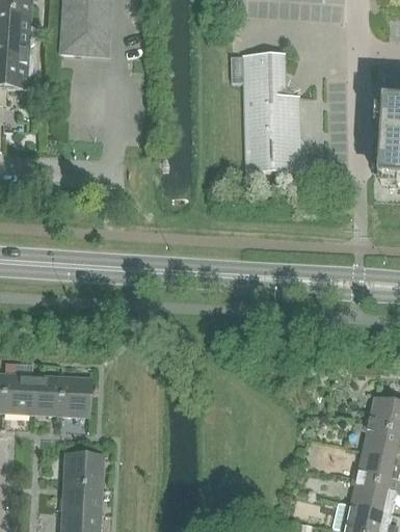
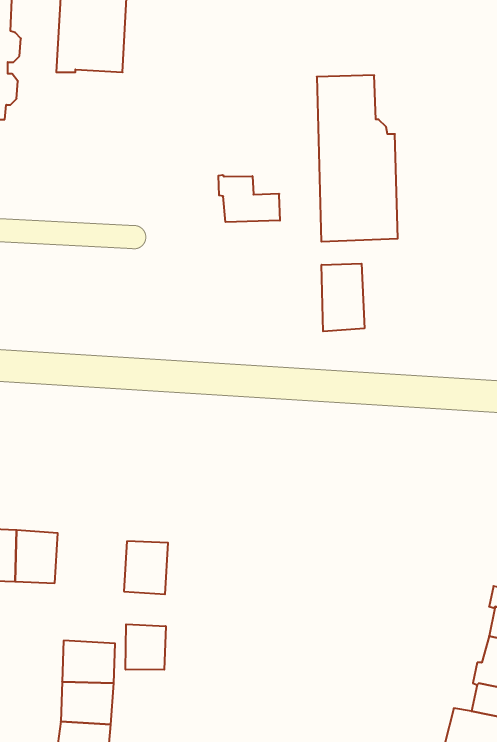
building: none -> [218,175,280,222]
building: none -> [322,264,364,331]
building: [58,377,89,415] -> [124,541,168,594]
building: none -> [126,624,166,670]

